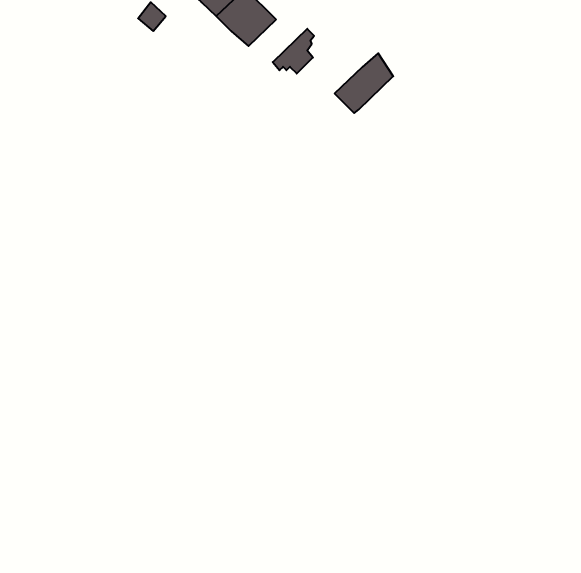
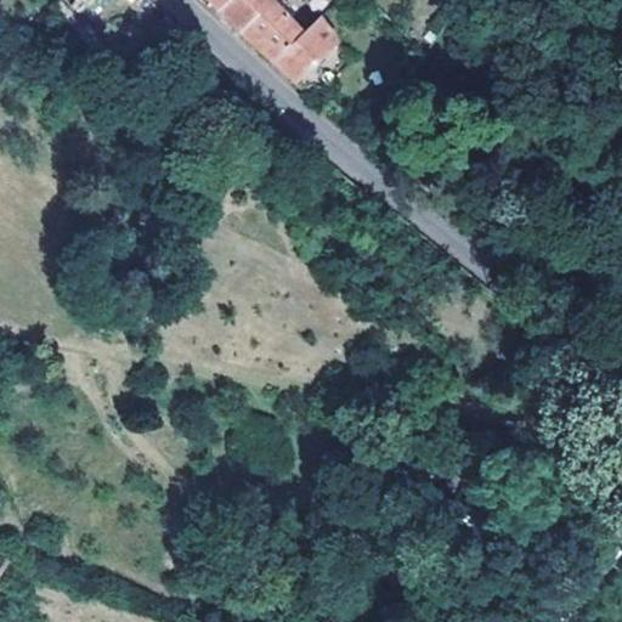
building: [335,53,393,113] -> [262,6,324,69]

